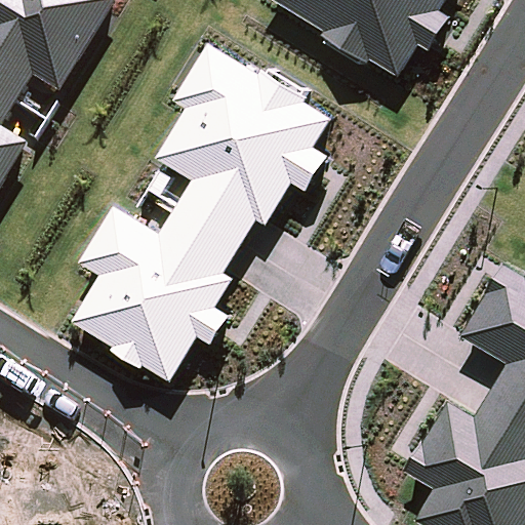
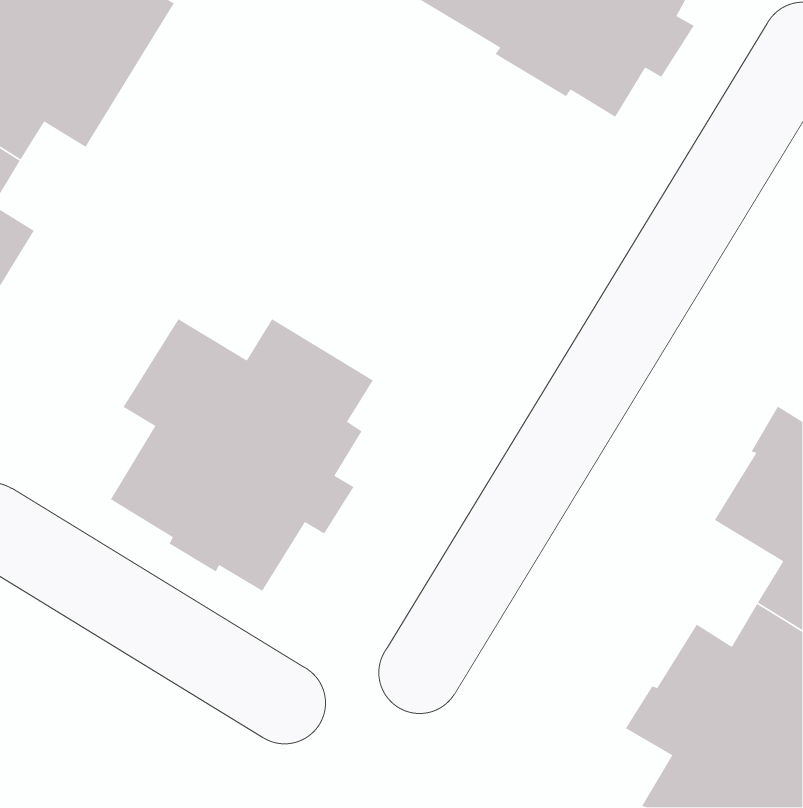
building: [155,43,330,245] -> none

